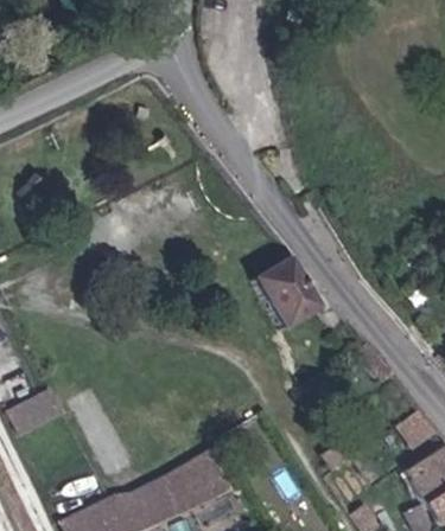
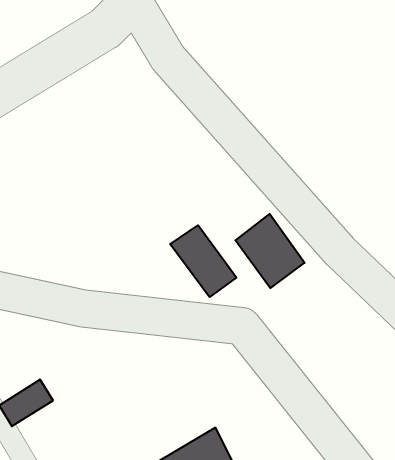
building: none -> [170,225,236,297]

